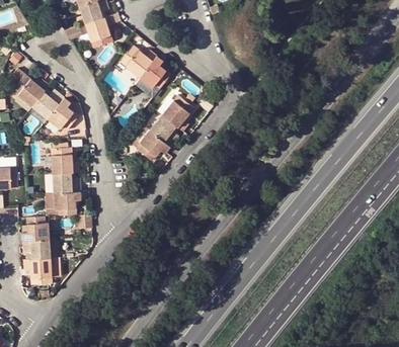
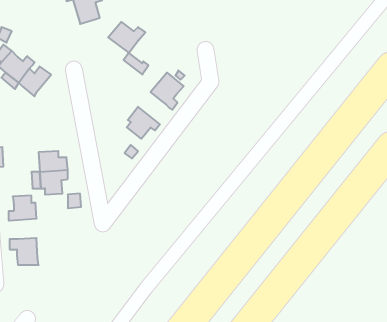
building: [140,56,170,88] -> none
building: [48,97,77,129] -> none
building: [149,114,178,146] -> none
building: [51,147,78,173] -> none
building: [22,238,50,258] -> none

